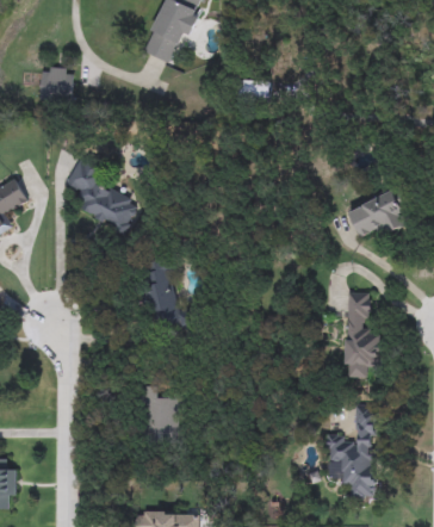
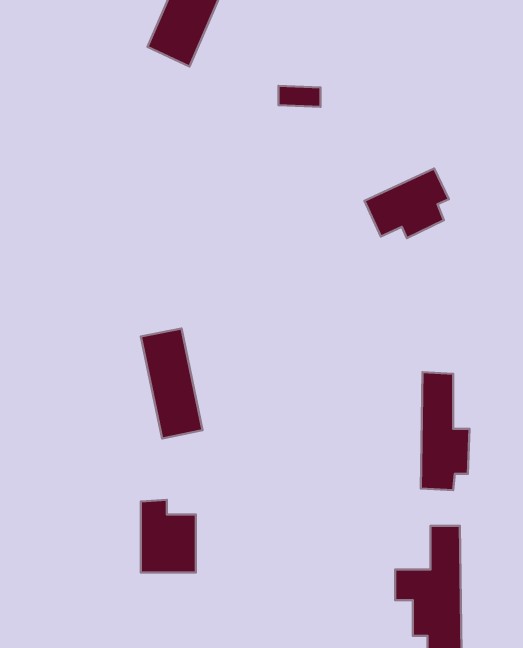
building: [41,67,73,100] -> none
building: [66,159,140,234] -> none
building: [347,186,409,237] -> [365,168,449,238]

